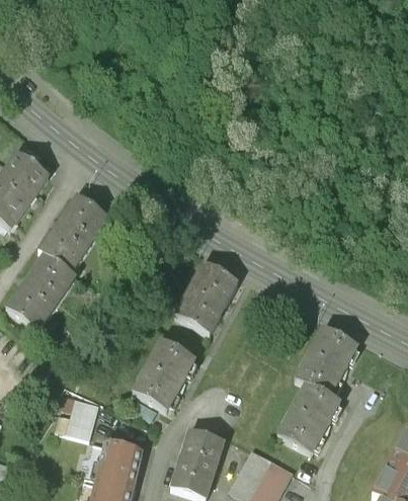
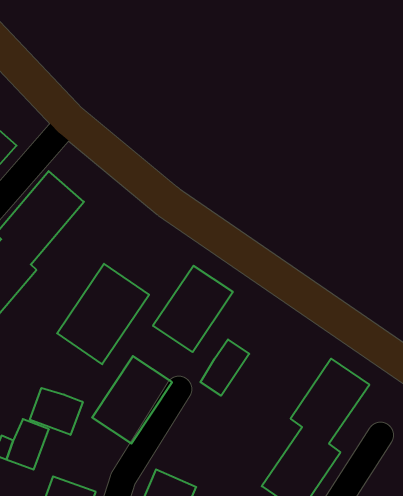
building: none -> [57,264,149,364]
building: none -> [200,339,249,396]
building: none -> [30,388,83,435]

